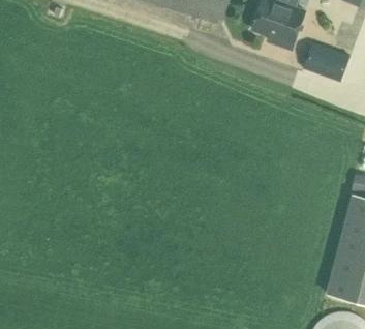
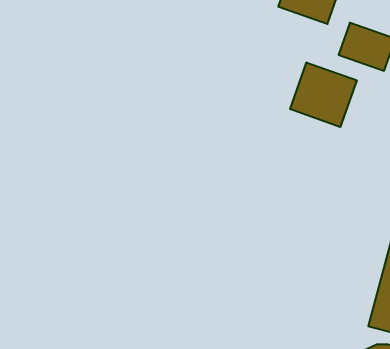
building: none -> [290,62,357,127]

